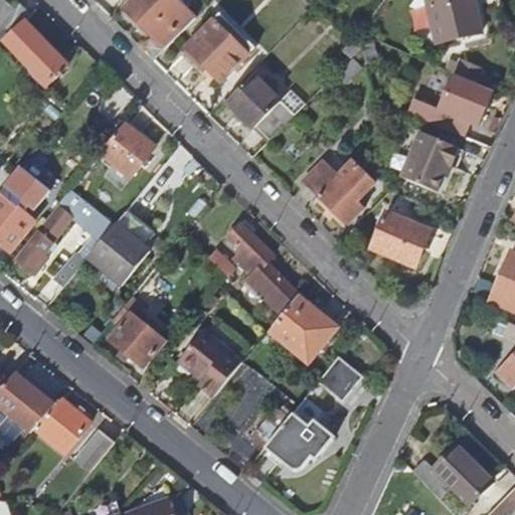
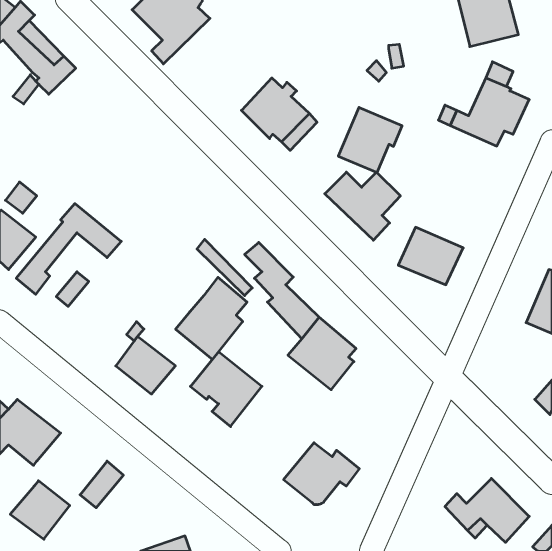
building: [185,12,253,80] -> none
building: [98,122,153,177] -> none
building: [400,131,460,191] -> [338,107,402,172]
building: [87,207,153,284] -> [176,277,247,359]
building: [316,356,360,401] -> none
building: [34,397,90,452] -> [10,481,70,539]

